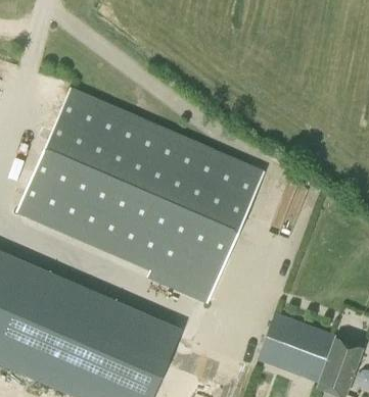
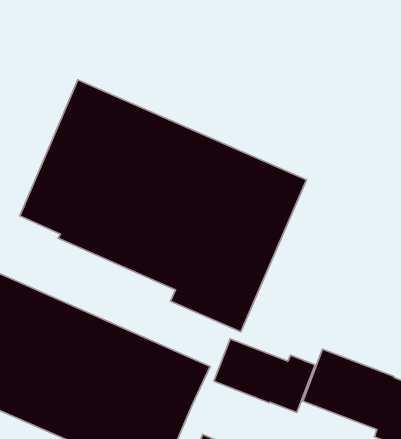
building: none -> [214,339,315,412]

